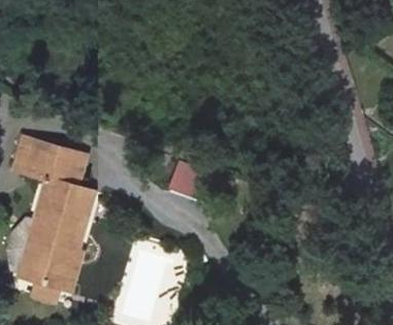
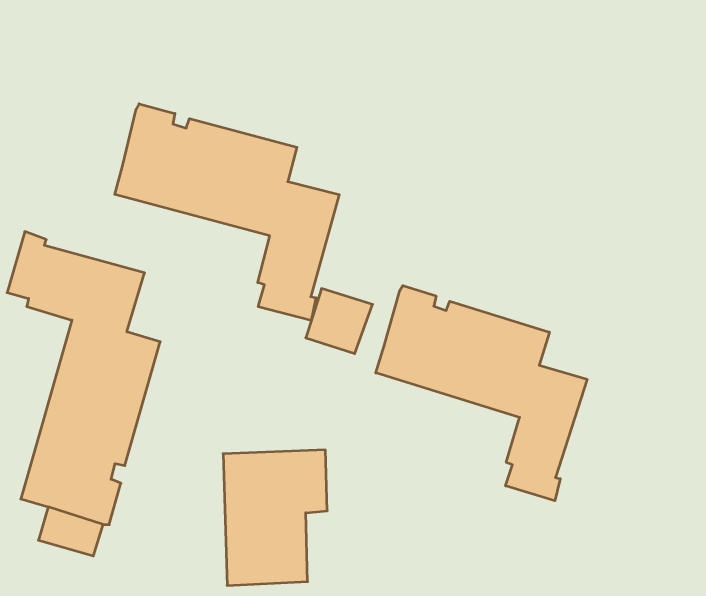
building: none -> [115,104,339,321]
building: none -> [376,286,587,501]

